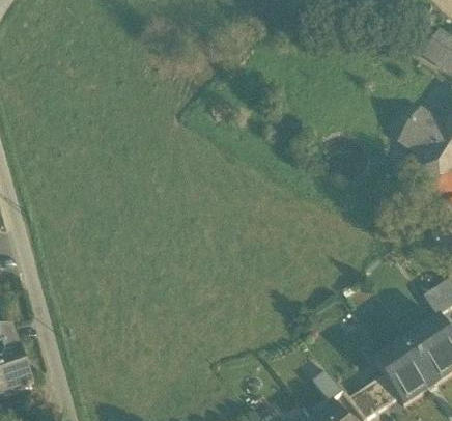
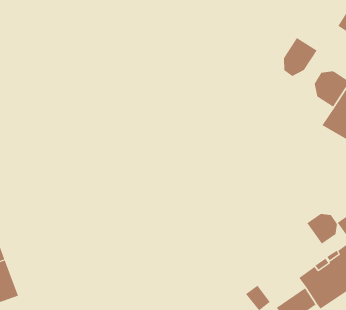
building: none -> [284,37,317,77]
building: none -> [306,213,337,245]

